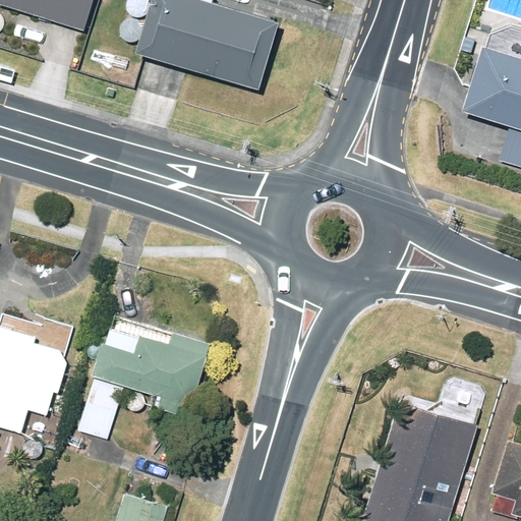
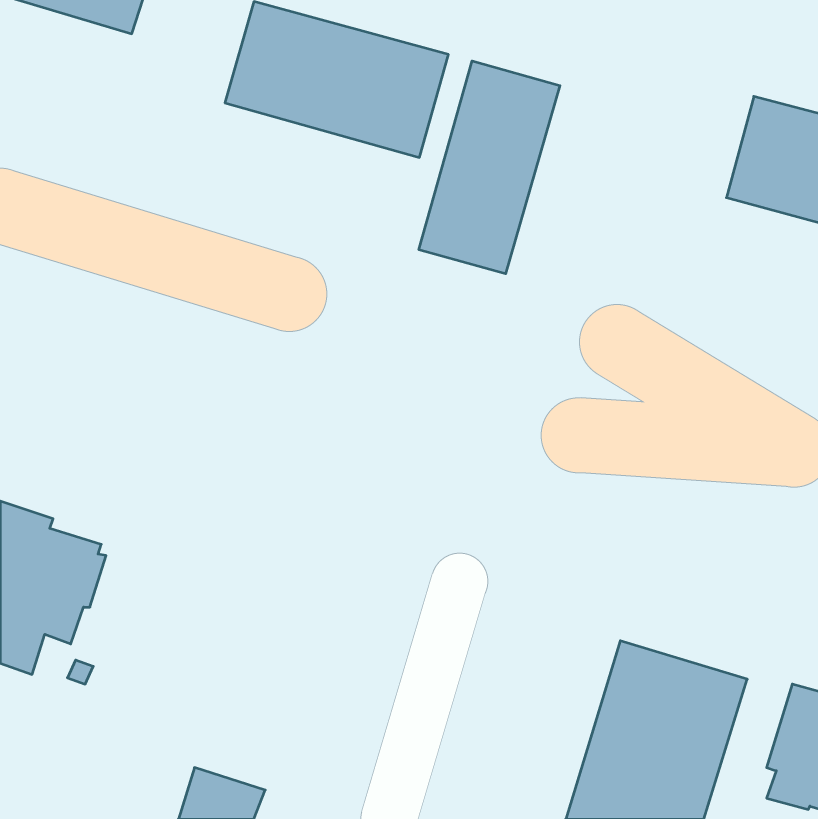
building: none -> [419,61,560,274]
building: [79,309,212,433] -> none

